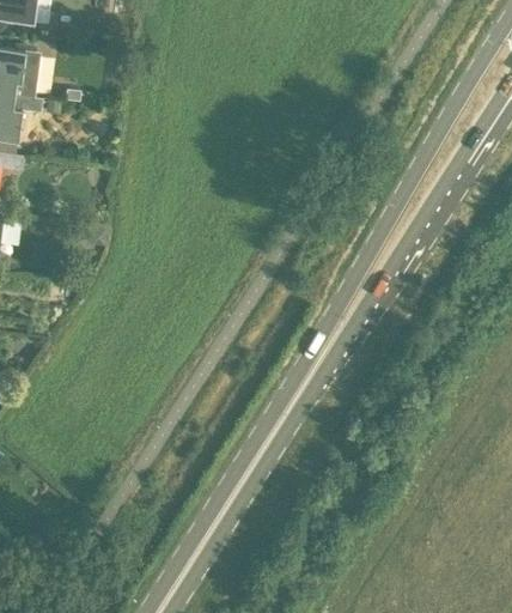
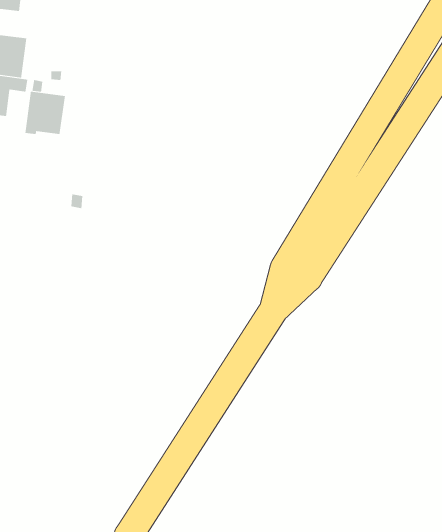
building: none -> [25,91,66,135]

